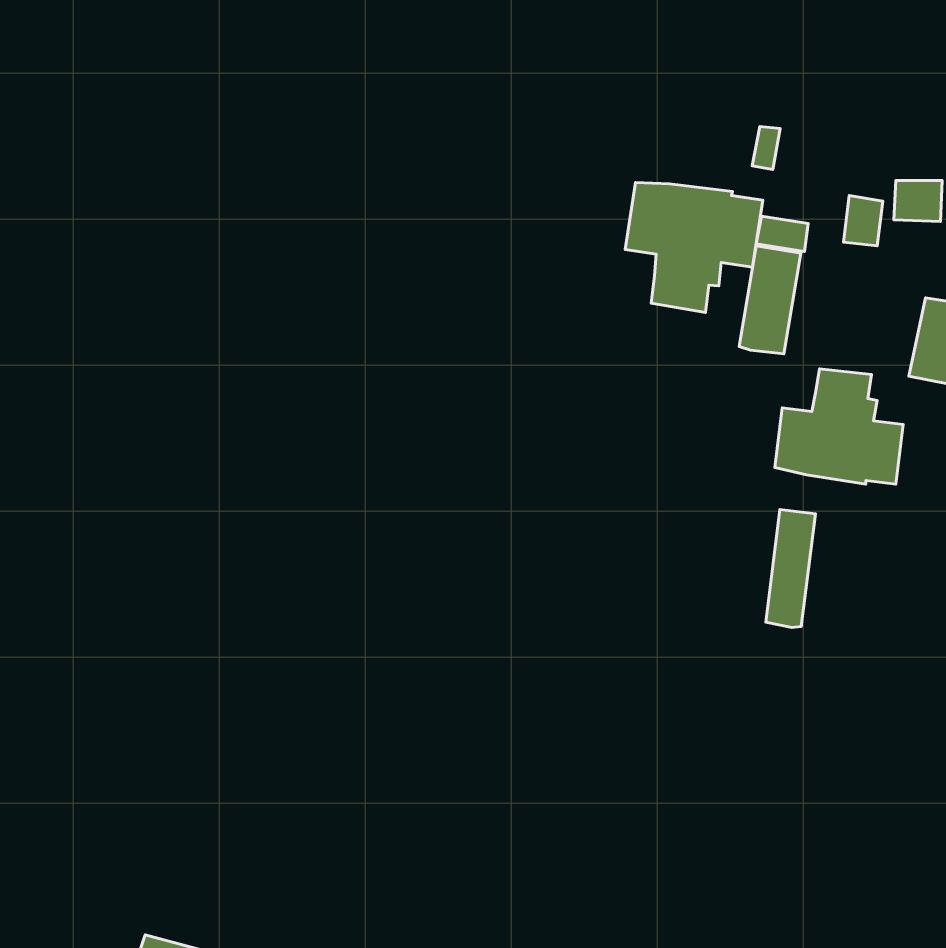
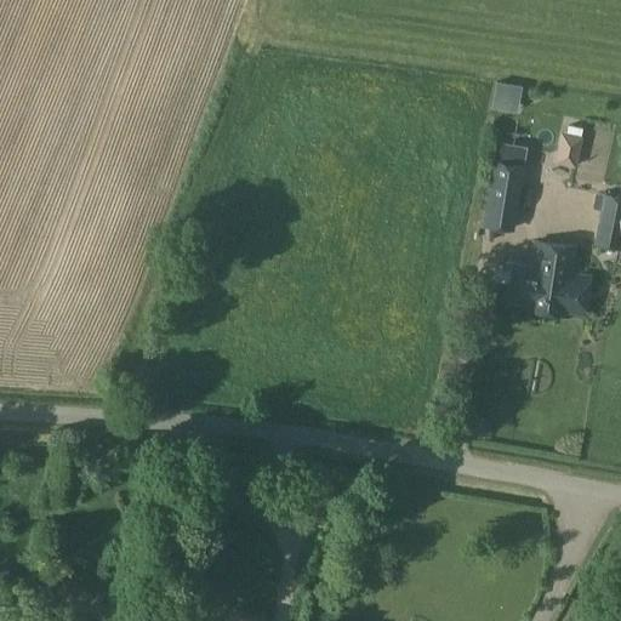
building: [625,182,763,313] -> none
building: [766,510,815,627] -> none

